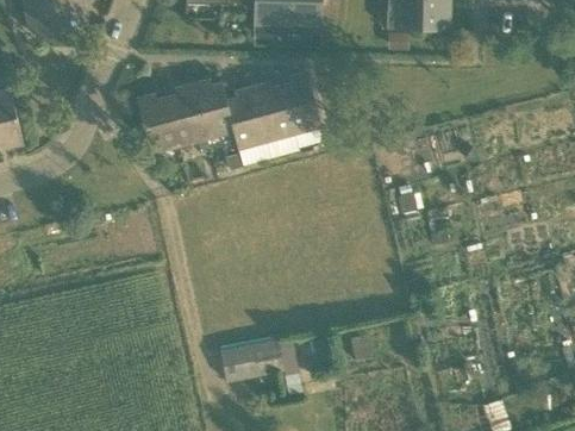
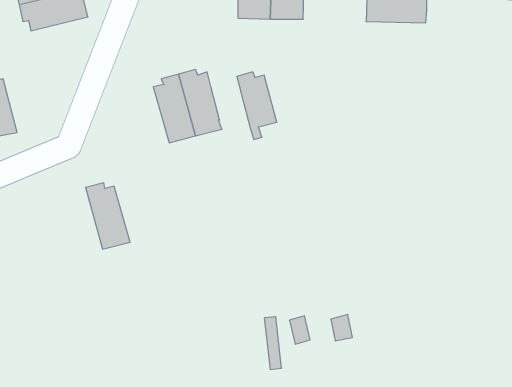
building: [281,70,324,138] -> none
building: [226,86,267,149] -> none
building: [136,93,182,162] -> [85,183,130,249]
building: [221,345,283,380] -> none

